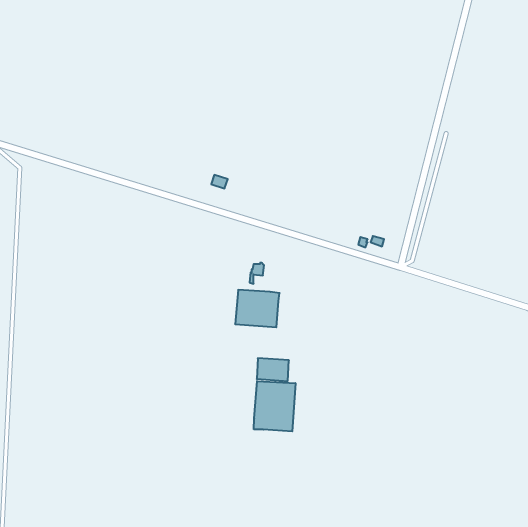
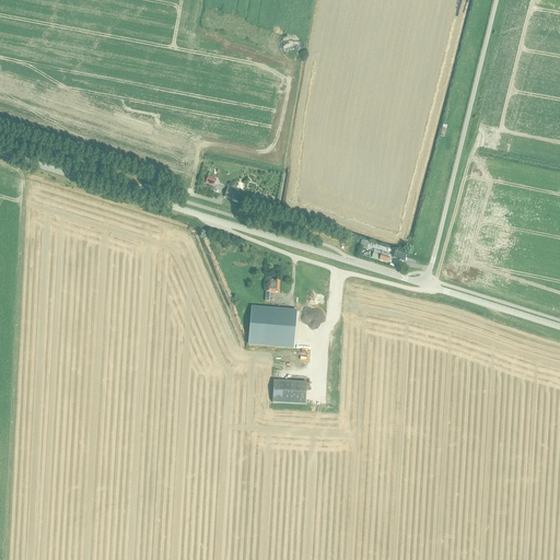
building: [254,381,295,431] -> none

